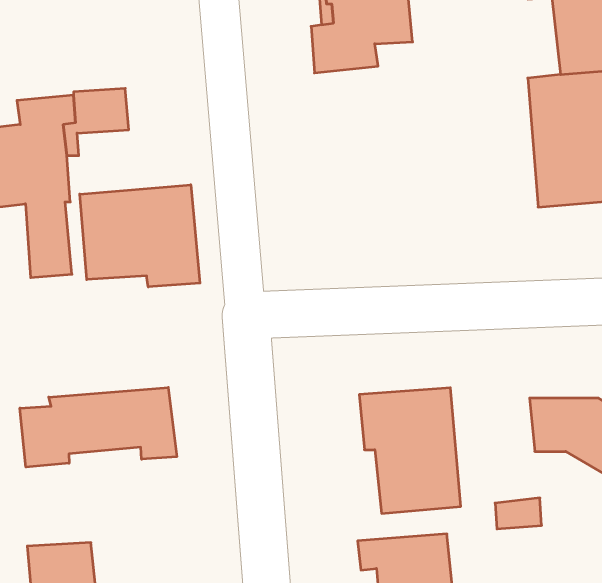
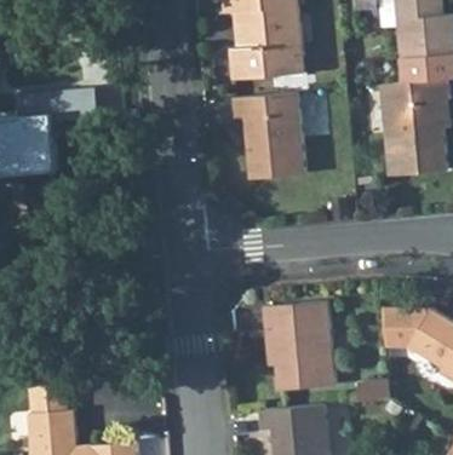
building: none -> [231,91,303,178]
building: [80,185,200,287] -> none
building: [20,387,177,467] -> none

